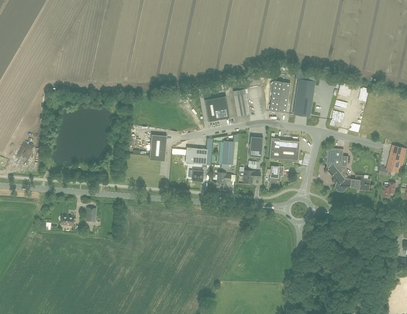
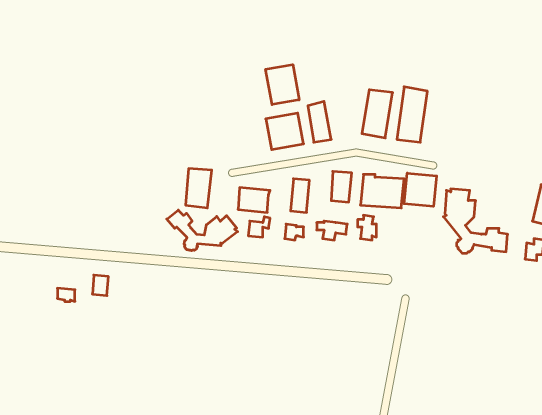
building: none -> [266,65,299,105]
building: none -> [404,173,437,206]
building: none -> [167,210,238,251]

